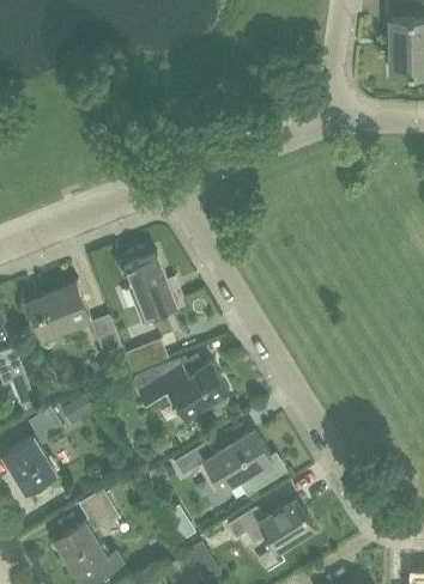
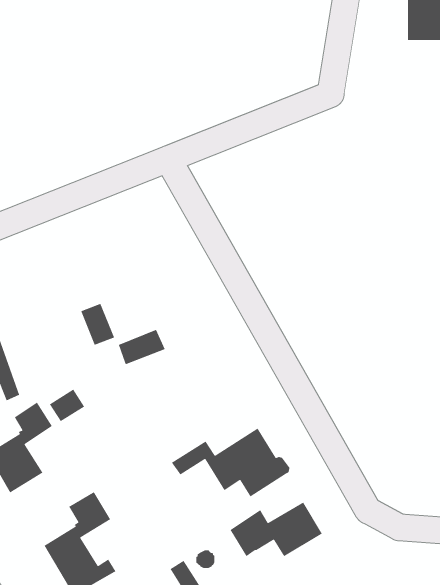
building: [122,254,178,318] -> none
building: [28,284,89,336] -> none
building: [134,357,228,416] -> none

